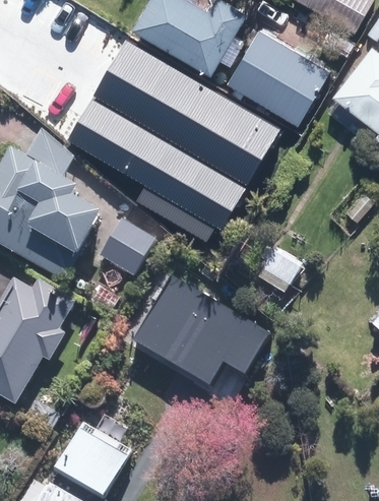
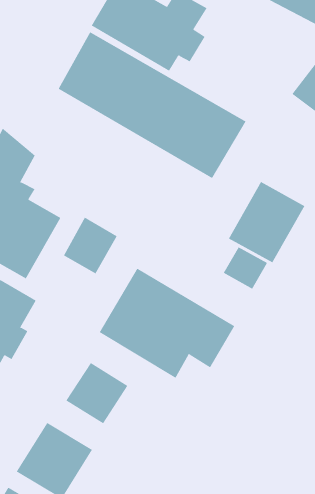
building: [226,28,329,125] -> none
building: [70,95,247,238] -> none
building: none -> [228,181,305,263]
building: none -> [66,362,128,424]

